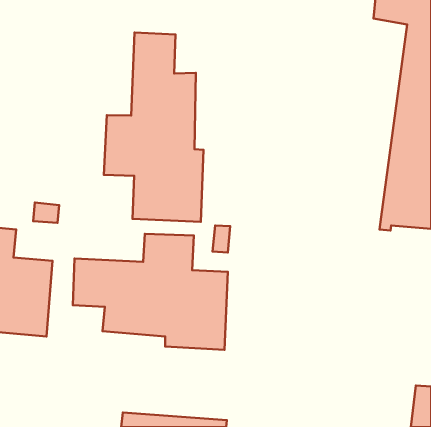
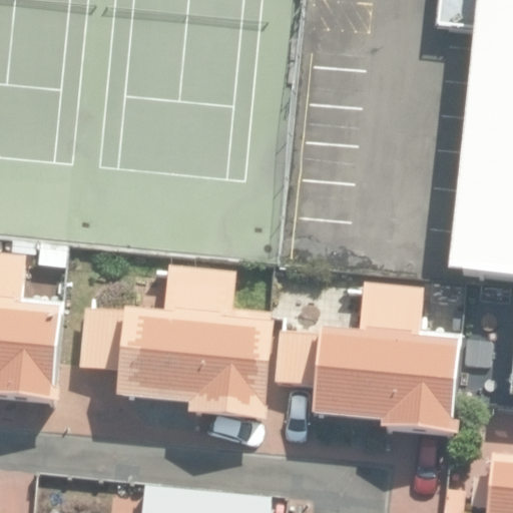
building: [104,32,203,222] -> none
building: none -> [277,292,459,433]

